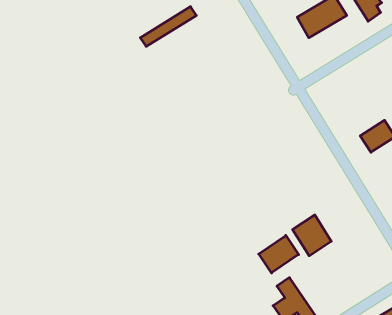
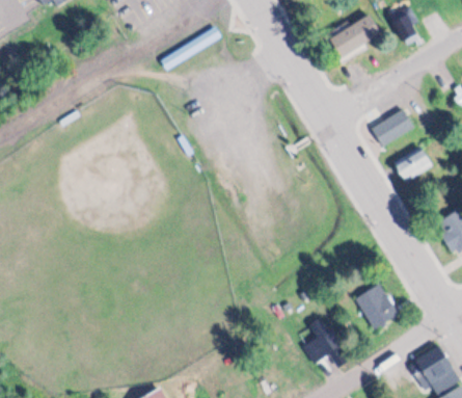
building: none -> [374,109,415,147]
building: [293,215,331,256] -> [355,286,397,329]
building: [259,235,299,273] -> none

